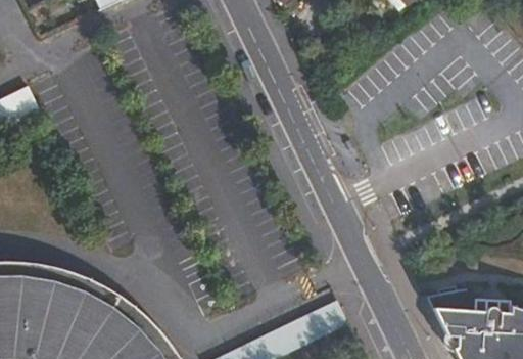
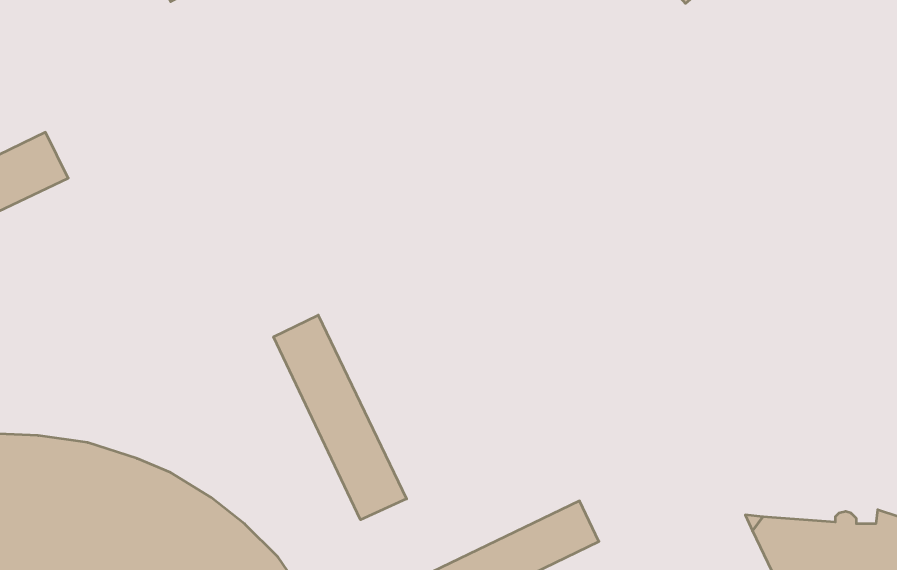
building: none -> [274,315,407,520]

